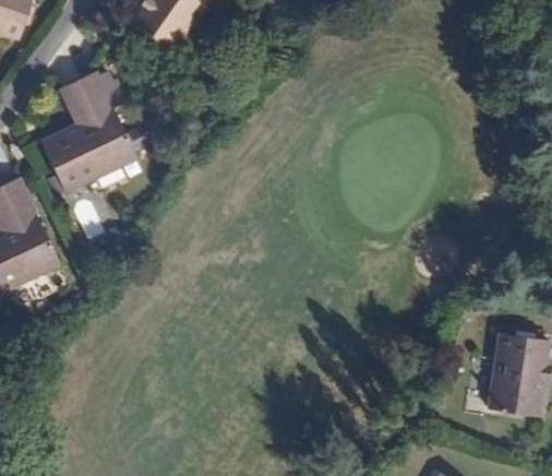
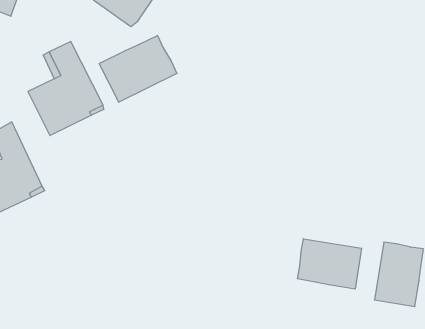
building: none -> [99,35,177,102]
building: none -> [297,239,362,289]

